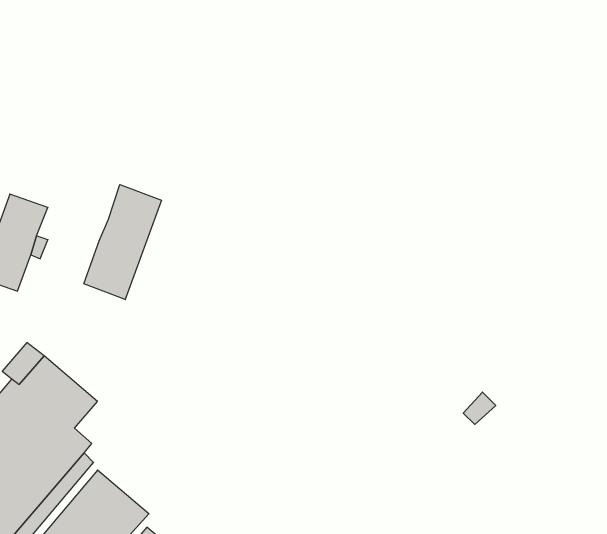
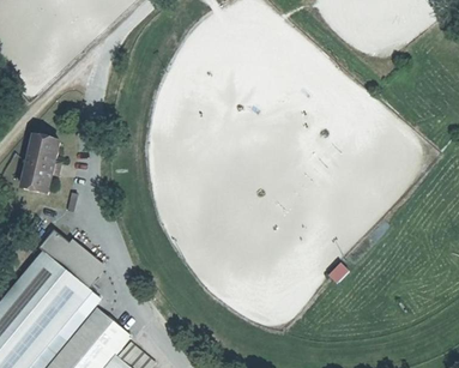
building: [84,185,161,300] -> none

